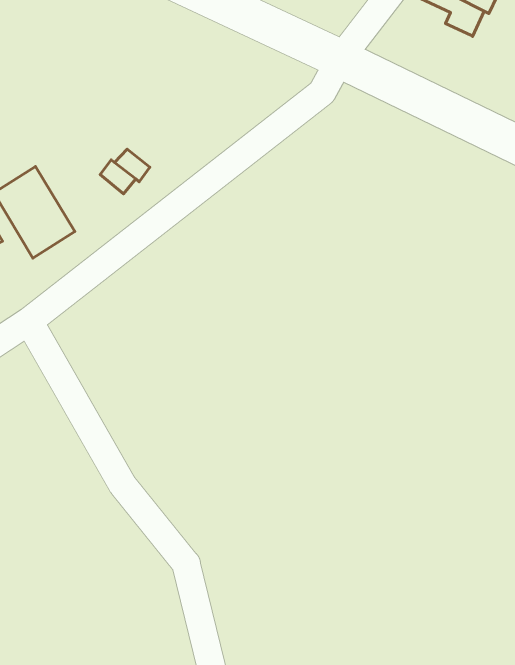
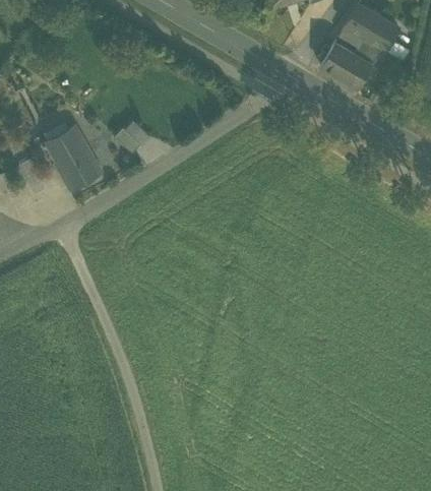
building: none -> [321,43,371,86]

